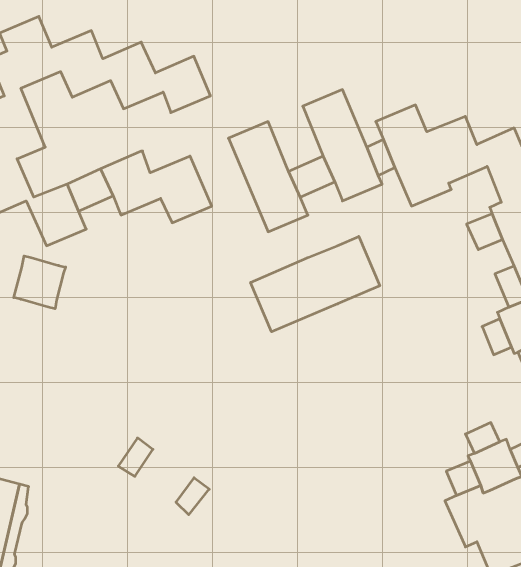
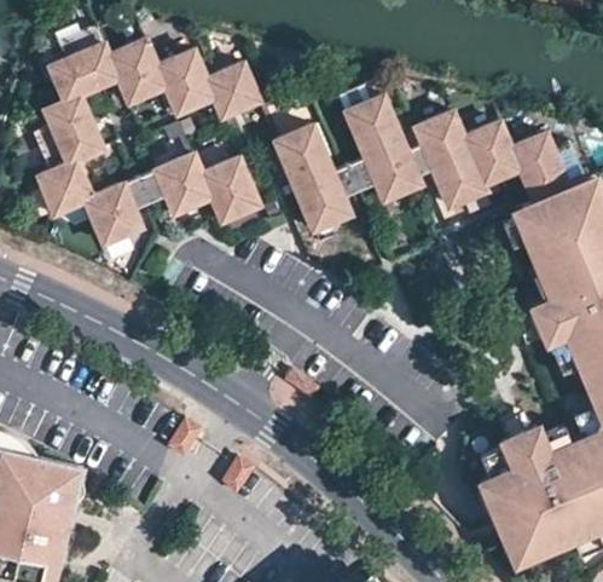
building: [251,236,380,332] -> none
building: [14,256,66,309] -> none

